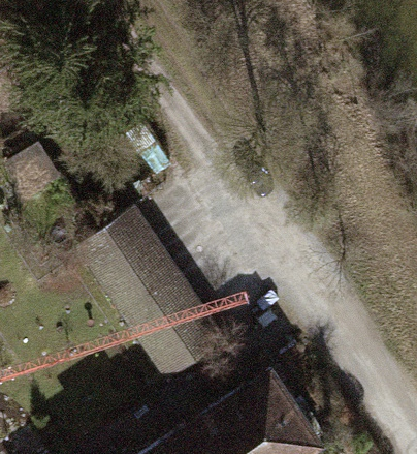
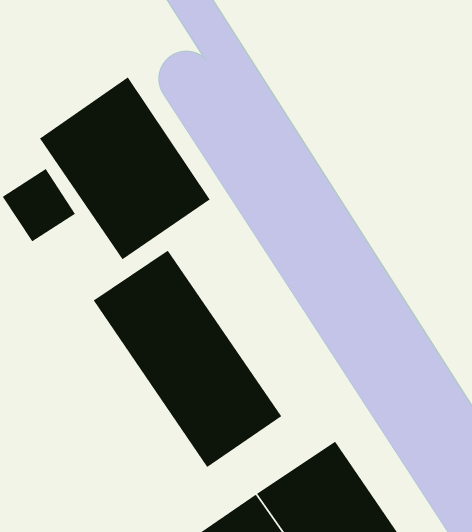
building: none -> [39,76,210,260]

